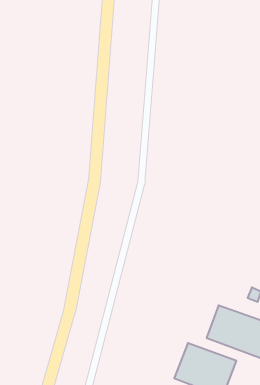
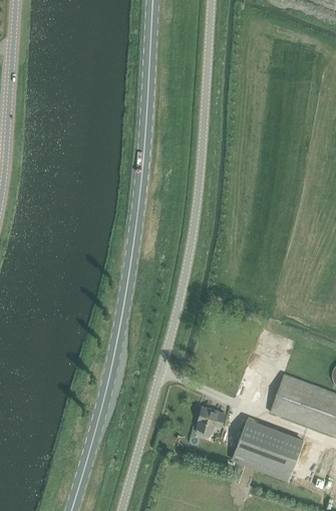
building: none -> [197,408,224,433]

